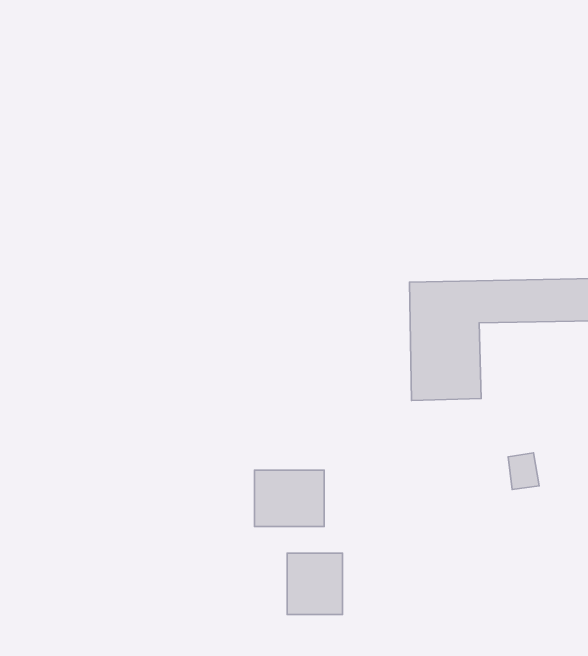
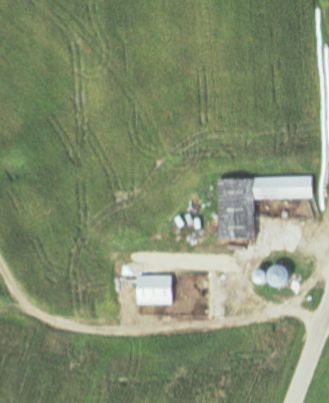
building: [287,553,342,615] -> none

